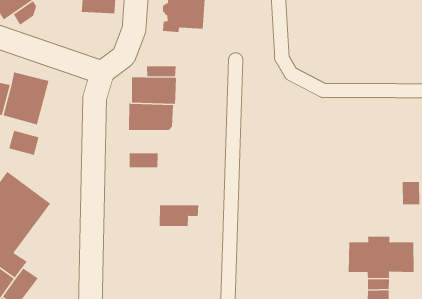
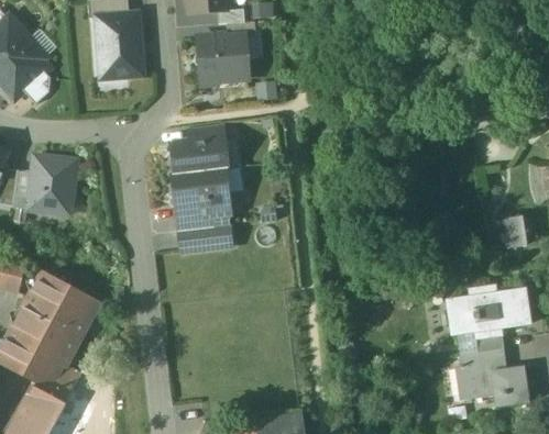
building: [8,130,40,156] -> none
building: [159,205,199,227] -> [177,200,224,232]

